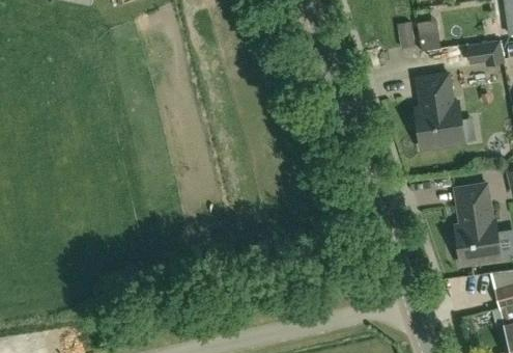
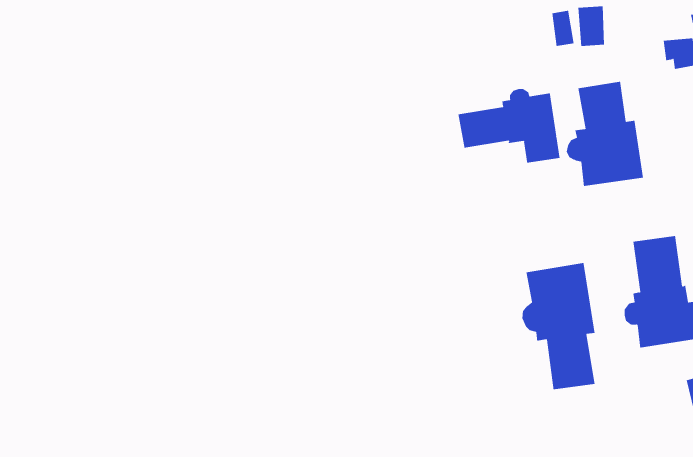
building: none -> [458,88,560,164]
building: none -> [522,262,595,390]

